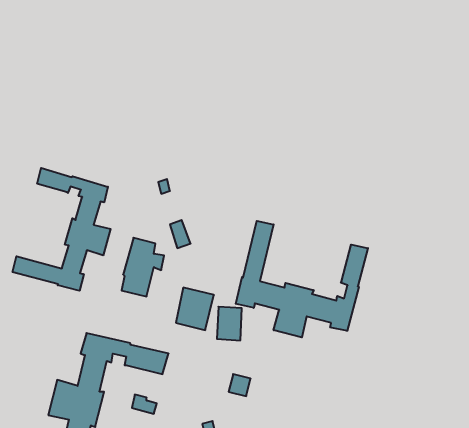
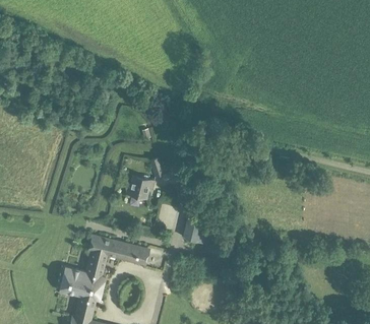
building: [13,168,111,291] -> none
building: [236,221,368,337] -> none

